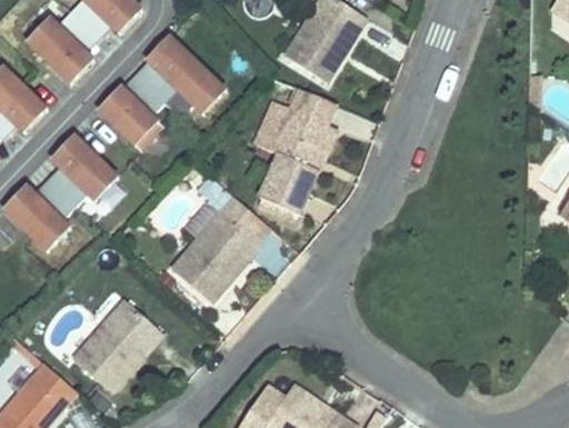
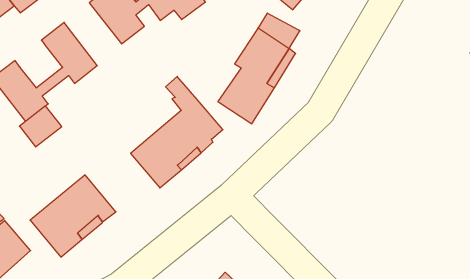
building: [33,165,80,211] -> [19,106,62,147]

